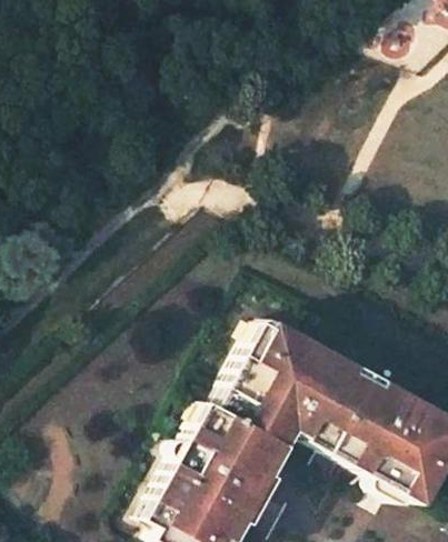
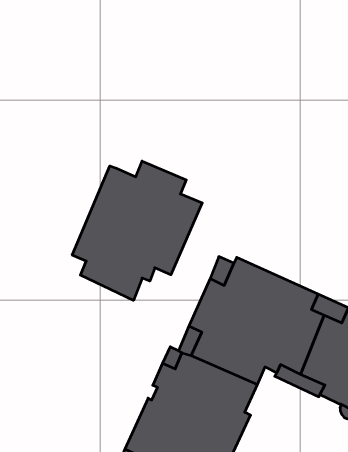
building: none -> [72,161,202,300]

